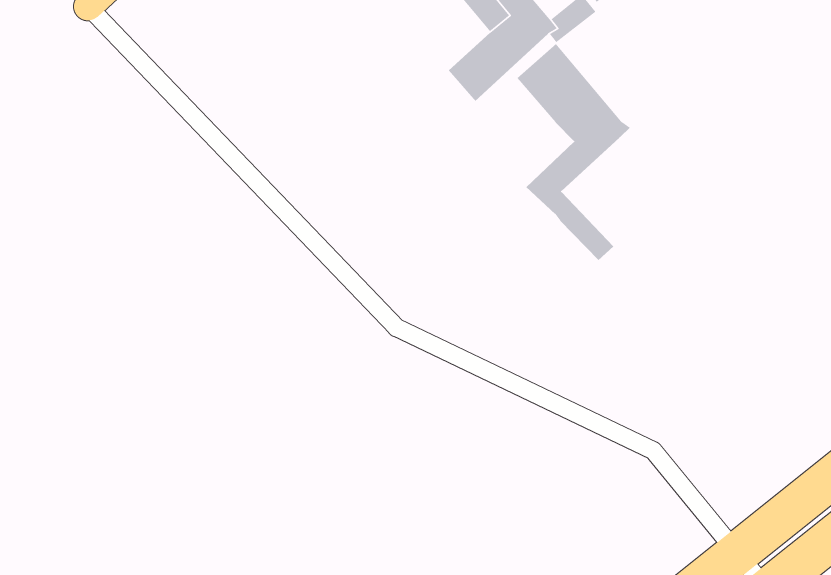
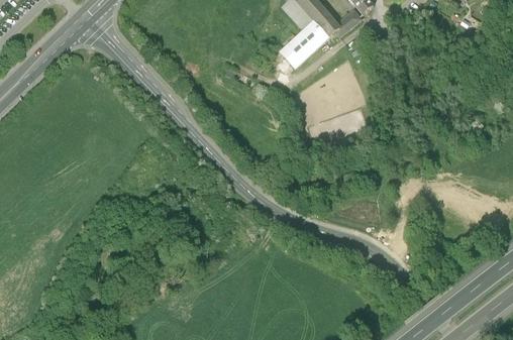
building: [517,43,631,261] -> none

